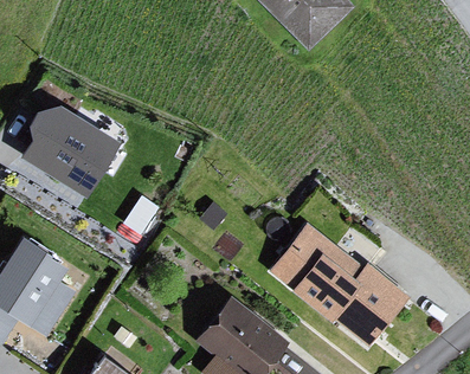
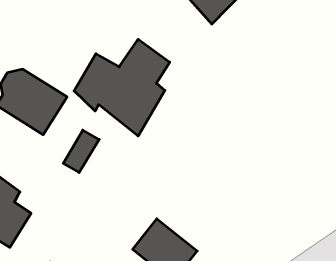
building: none -> [74,39,170,136]
building: [281,227,410,342] -> none

